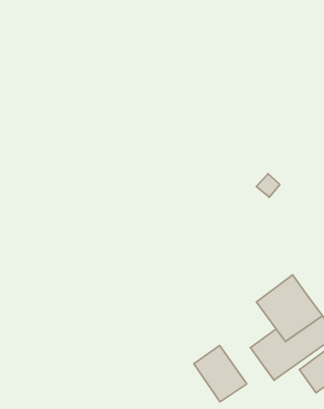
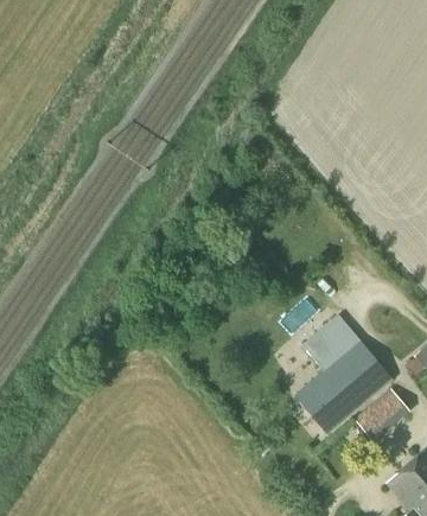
building: [194,346,247,402] -> none

